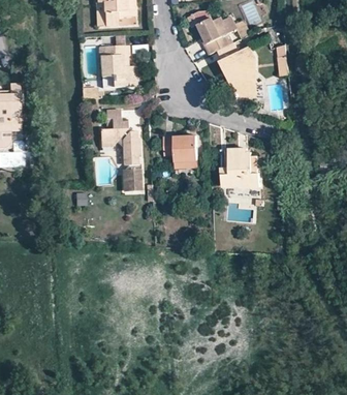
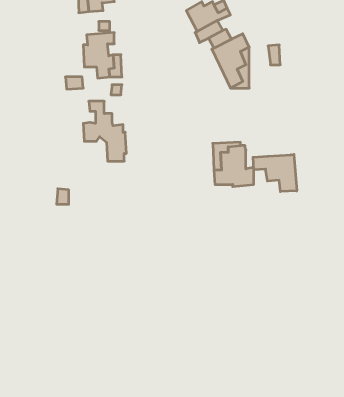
building: [164,135,198,162] -> none
building: none -> [253,154,297,192]
building: [123,169,144,191] -> none

